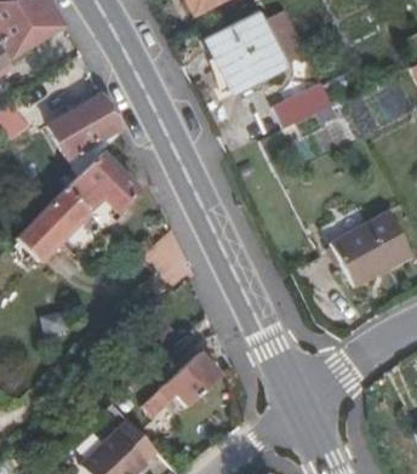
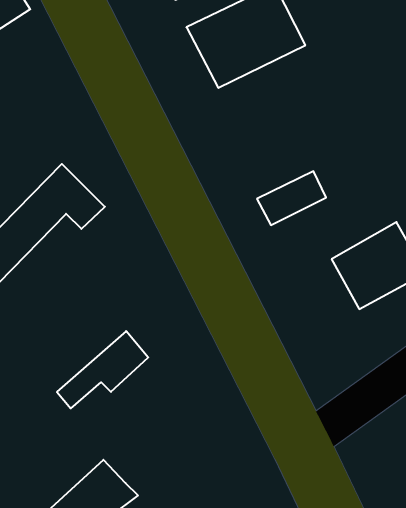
building: [270,82,331,130] -> [257,171,326,225]
building: [48,91,122,159] -> none
building: [139,353,219,421] -> [57,331,148,408]

